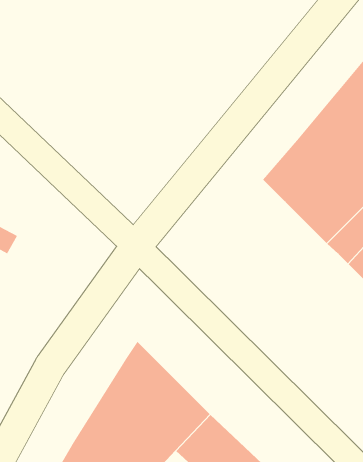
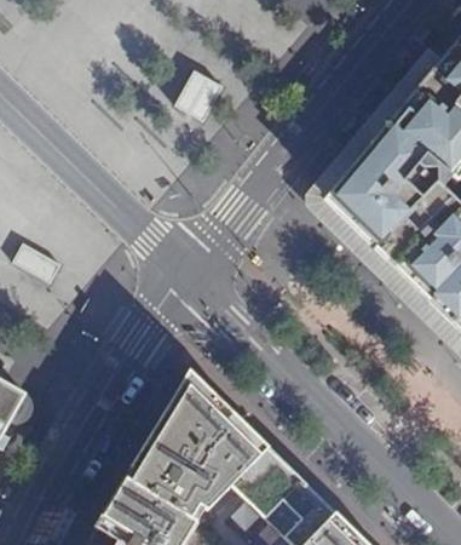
building: none -> [171,65,219,117]

